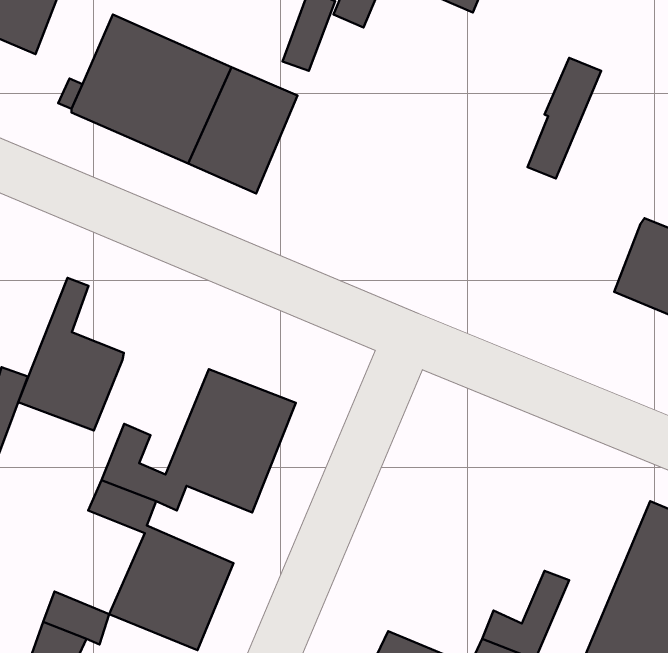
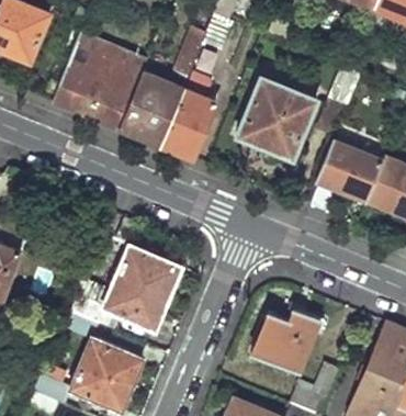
building: none -> [235,78,315,165]
building: none -> [158,87,214,157]
building: none -> [316,142,382,201]
building: [18,278,124,430] -> none
building: none -> [255,310,322,372]

